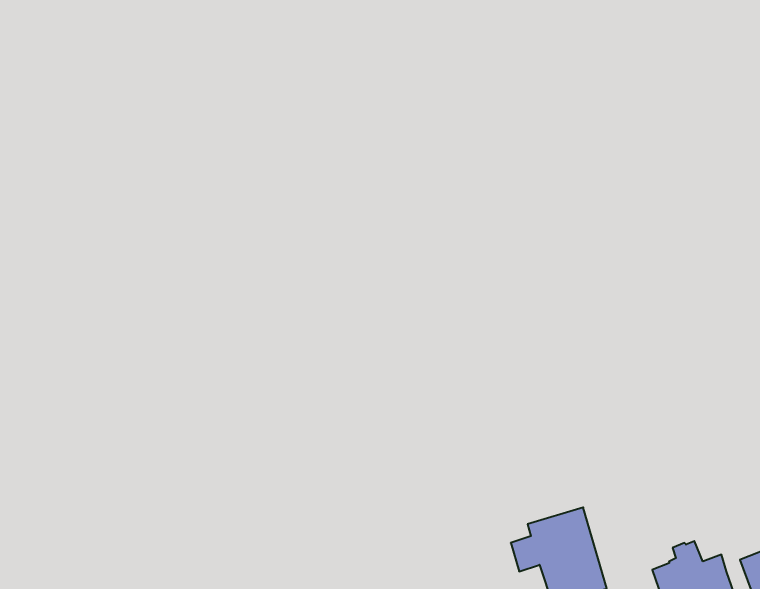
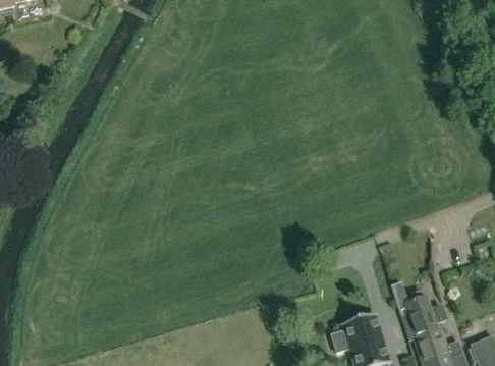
building: none -> [401,290,446,351]

